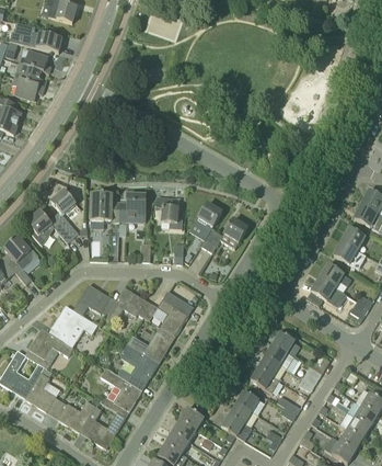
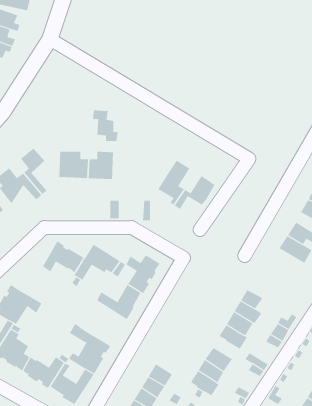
building: [157,196,183,228] -> [92,110,118,141]
building: [51,305,97,341] -> none
building: [117,343,159,388] -> none

